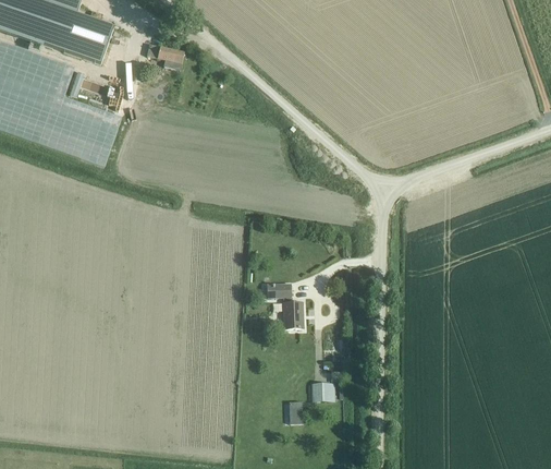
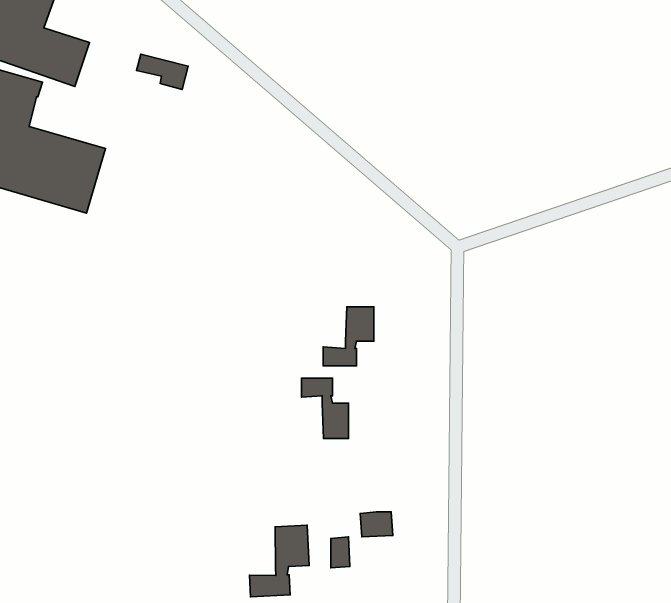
building: none -> [323,307,374,366]
building: none -> [249,525,309,597]

